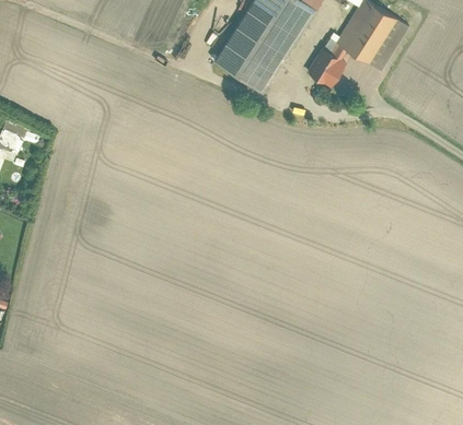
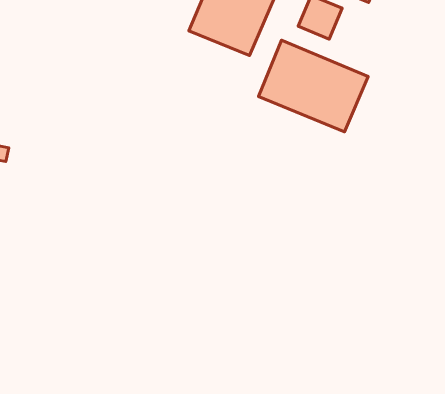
building: none -> [258,40,368,132]

